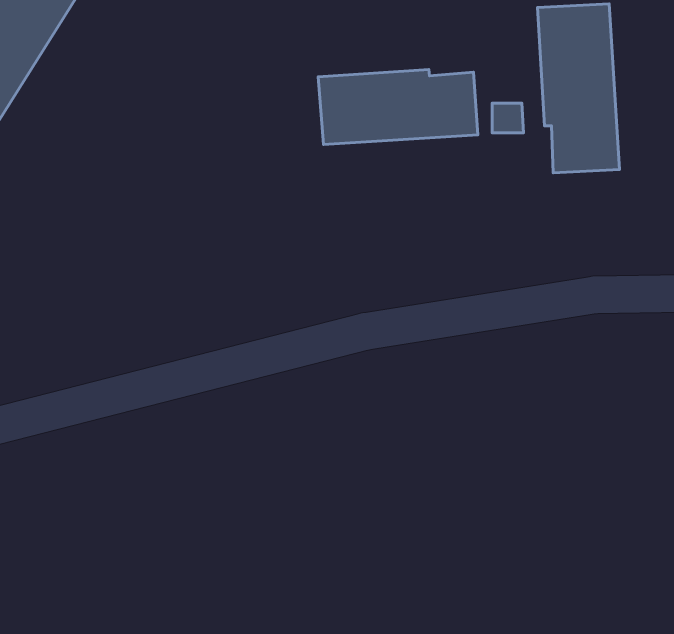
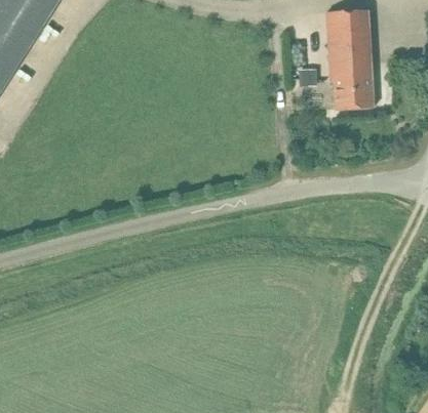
building: [318,69,478,144] -> none

